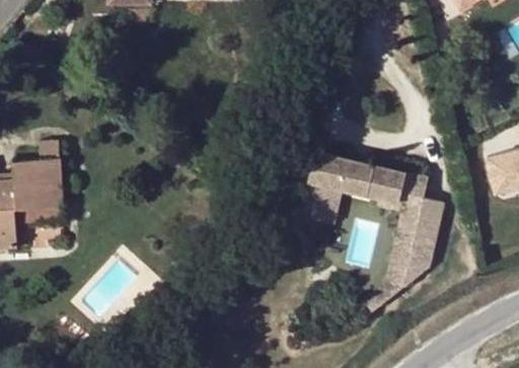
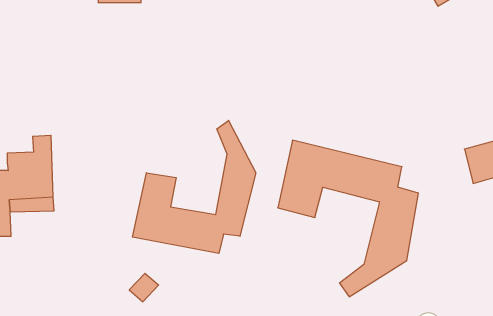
building: none -> [132,120,256,253]

